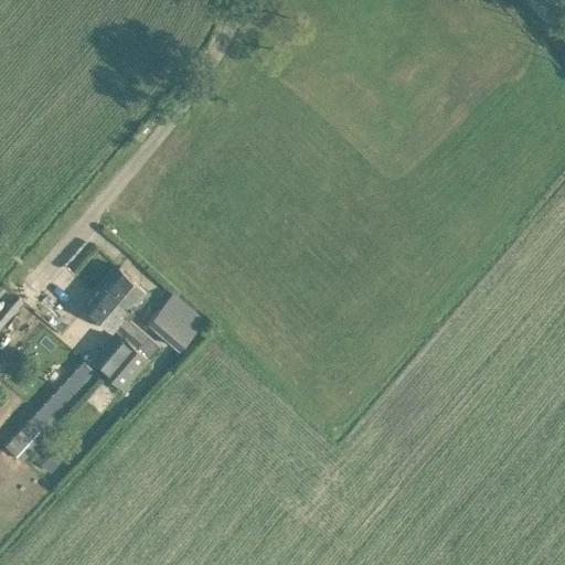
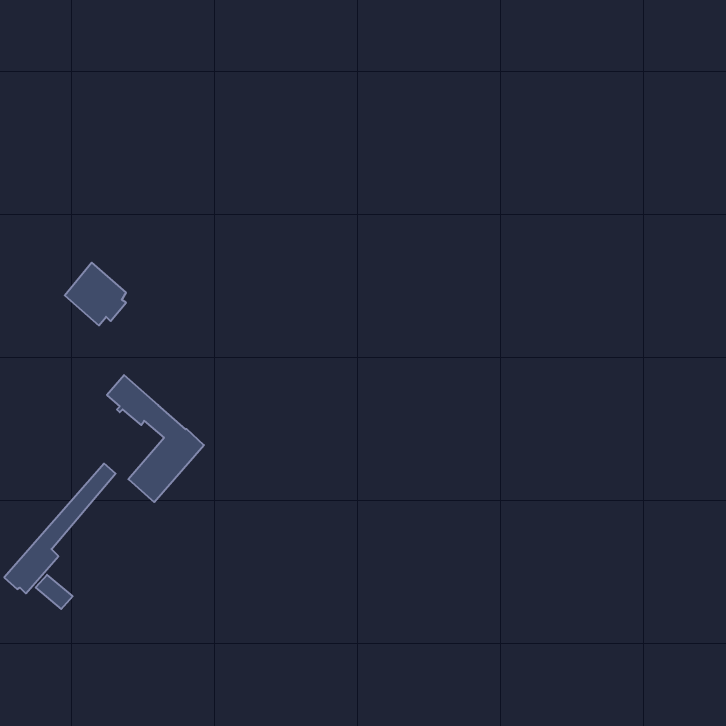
building: [96,267,143,316] -> [65,263,126,325]
building: [146,299,195,349] -> none

